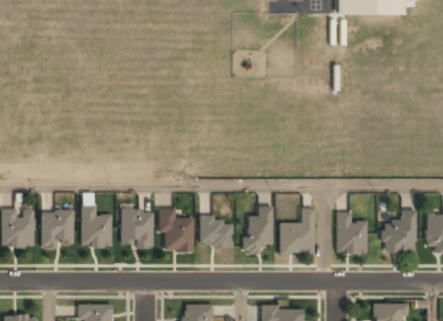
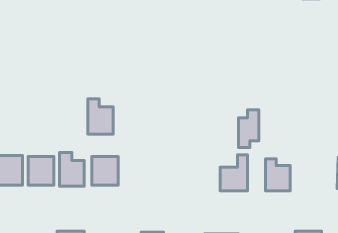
building: [247,207,272,254] -> [238,110,259,148]
building: [162,209,193,253] -> [88,99,113,134]
building: [383,211,415,254] -> none
building: [200,219,233,247] -> none

